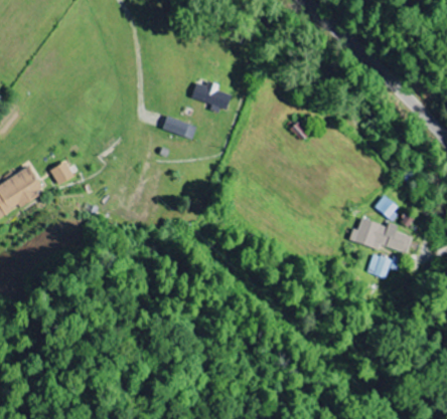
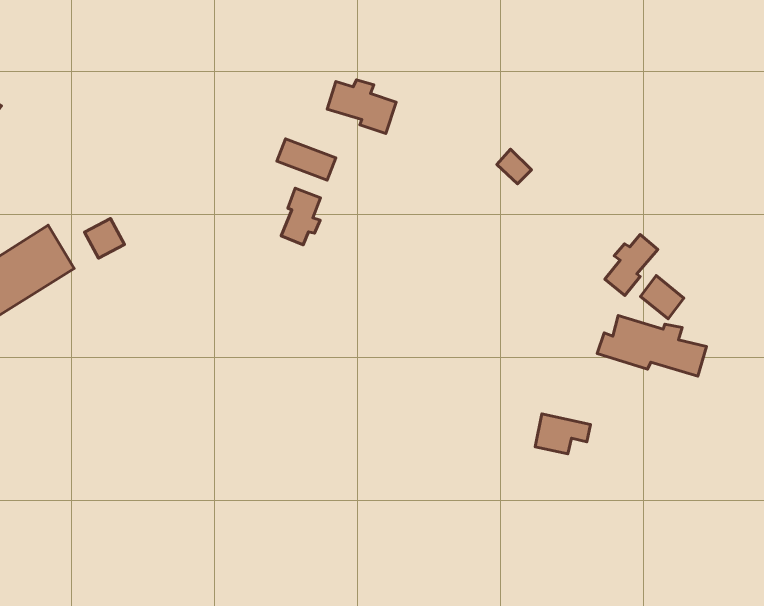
building: none -> [281,188,320,245]
building: none -> [605,235,658,295]
building: [366,253,399,276] -> [535,414,590,454]

